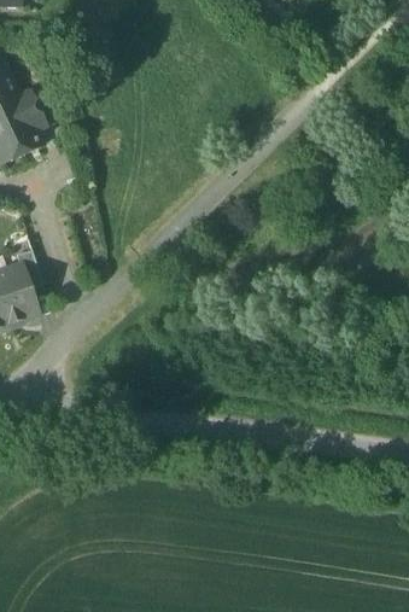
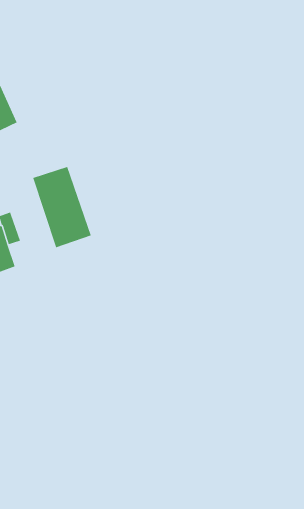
building: none -> [32,166,92,248]

